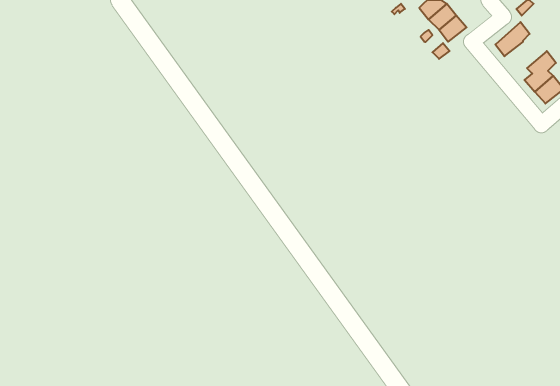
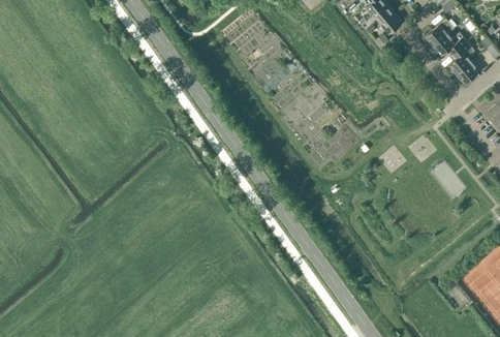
building: none -> [433,33,466,55]

